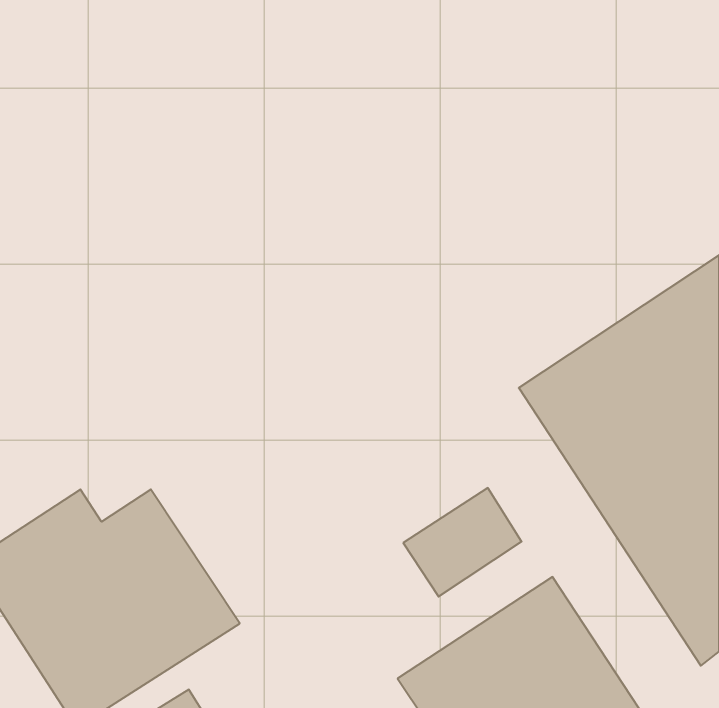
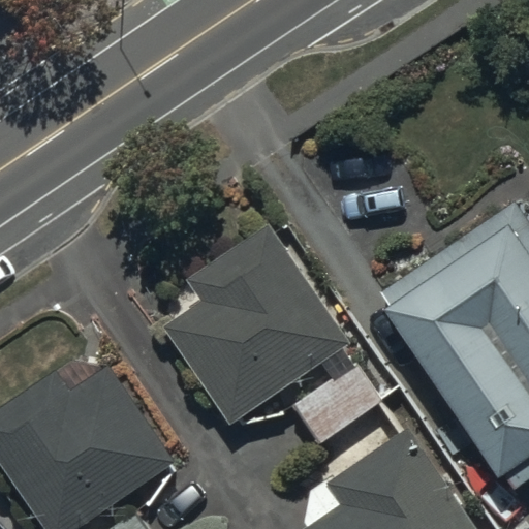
building: none -> [166,227,348,422]

